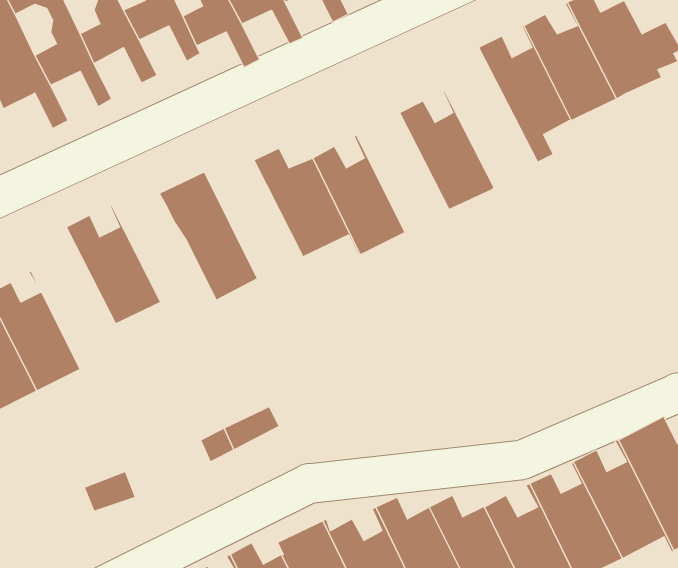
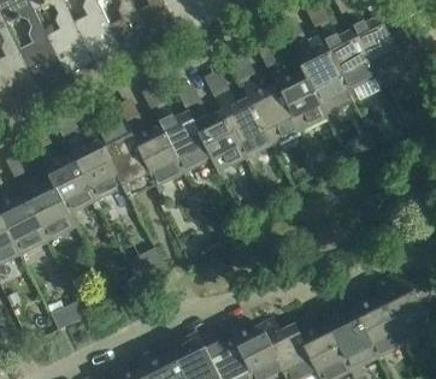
building: none -> [272,45,329,130]
building: none -> [218,84,275,158]
building: none -> [125,113,185,185]
building: none -> [69,134,132,200]
building: none -> [19,154,77,241]

